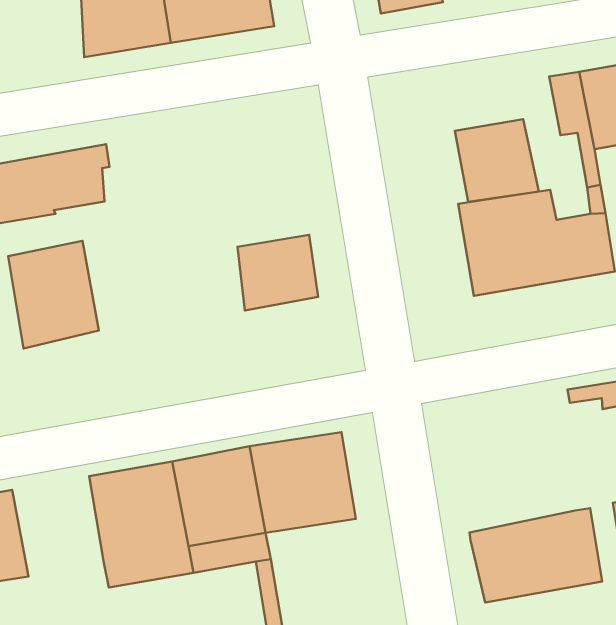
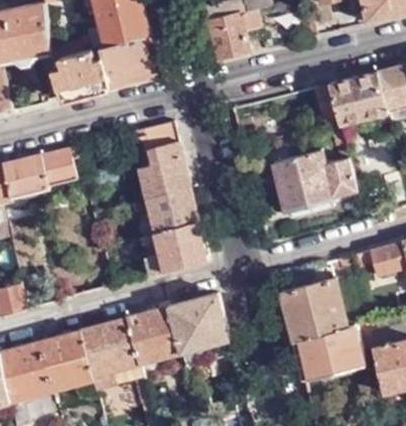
building: none -> [125,122,189,197]
building: [455,119,539,202] -> none
building: [8,241,99,349] -> none
building: none -> [141,220,208,275]
building: none -> [277,276,348,340]
building: none -> [40,328,94,386]

